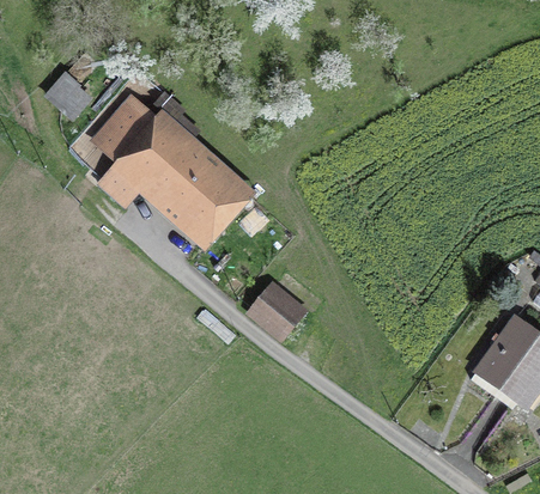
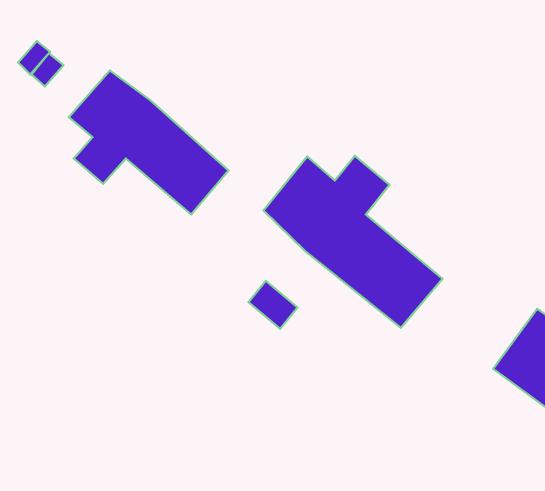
building: none -> [263,156,442,328]

